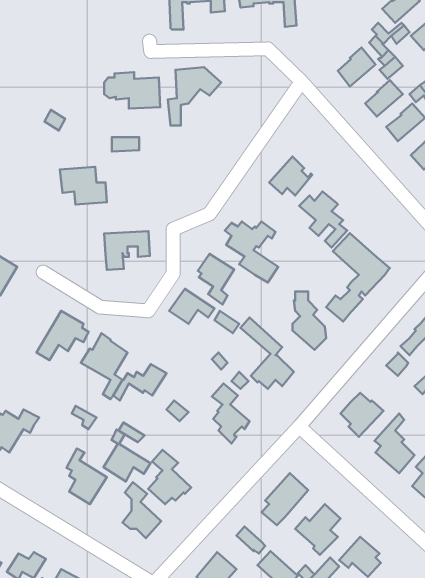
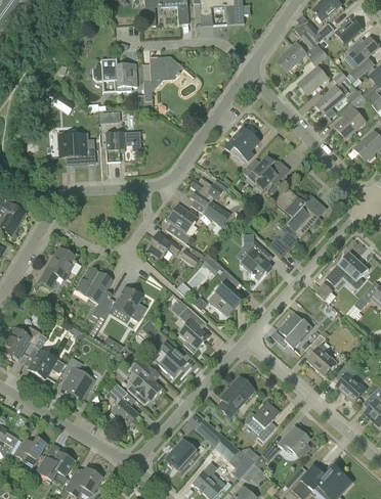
building: [104,231,150,270] -> [105,131,141,162]
building: none -> [159,342,185,376]
building: [104,430,150,481] -> [28,338,65,379]

